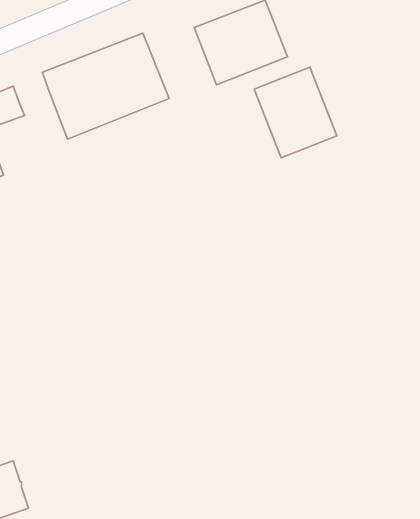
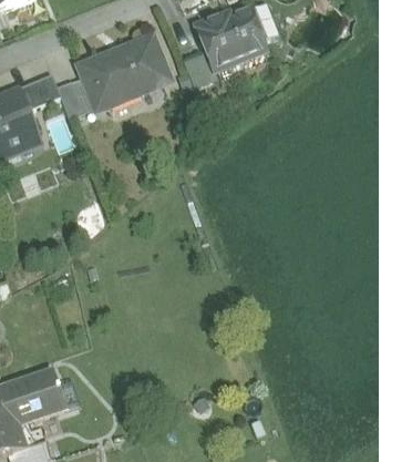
building: [254,67,337,158] -> none
building: none -> [55,73,92,116]

